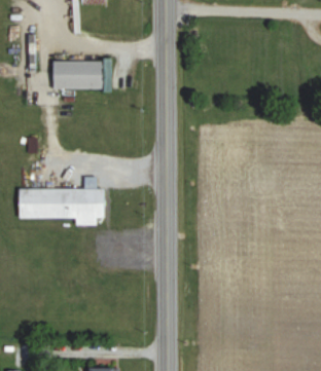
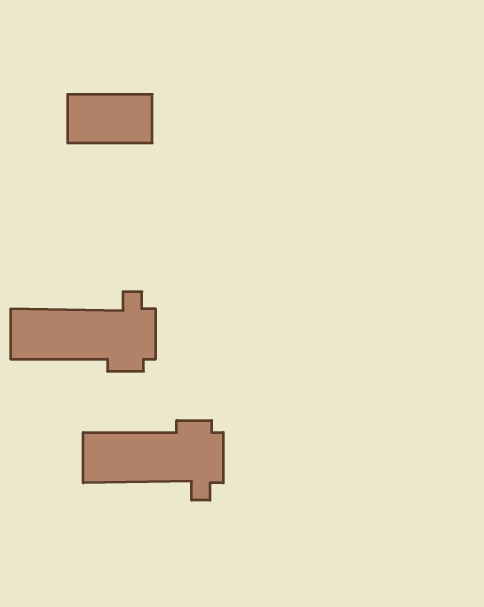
building: none -> [83,420,223,500]

